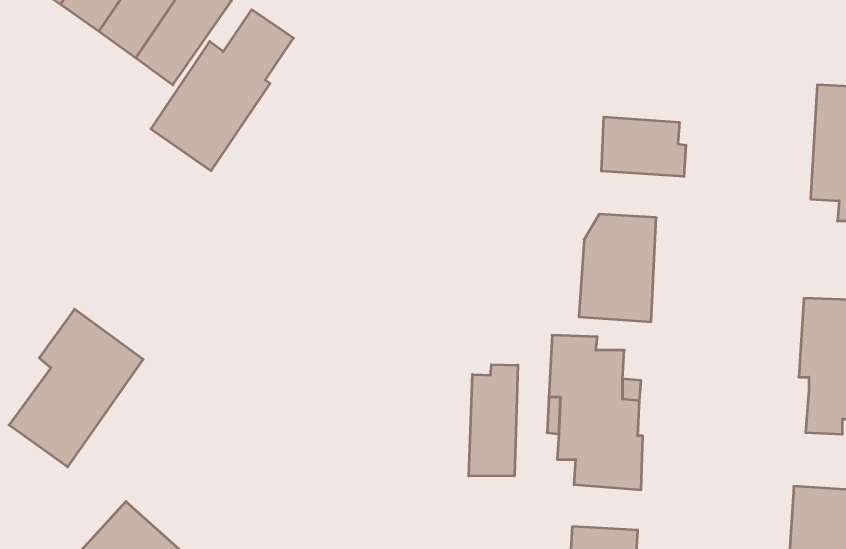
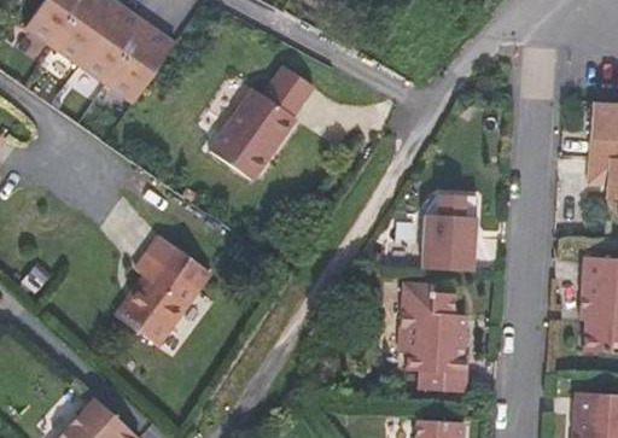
building: [151,10,294,171] -> [205,63,308,179]
building: [601,117,686,177] -> none
building: [9,309,143,467] -> [116,232,212,345]
building: [469,365,518,476] -> none

